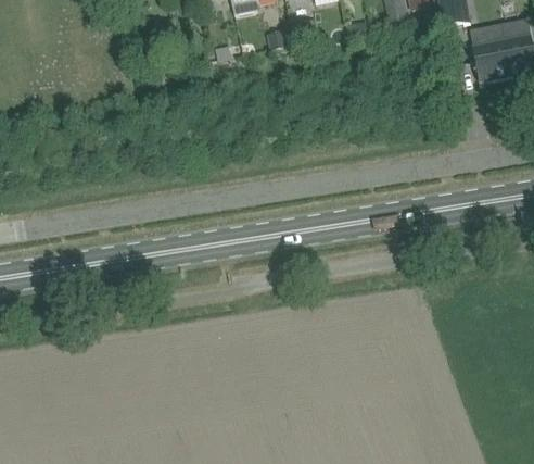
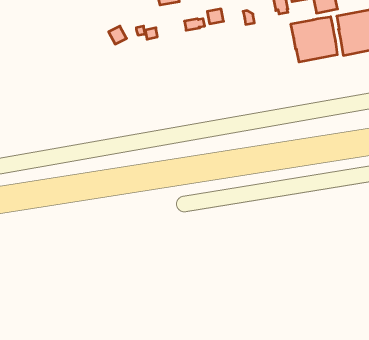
building: none -> [291,17,337,62]

